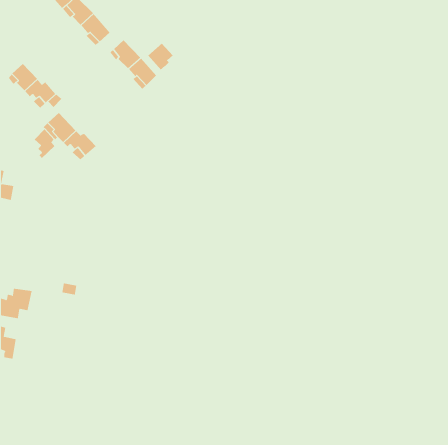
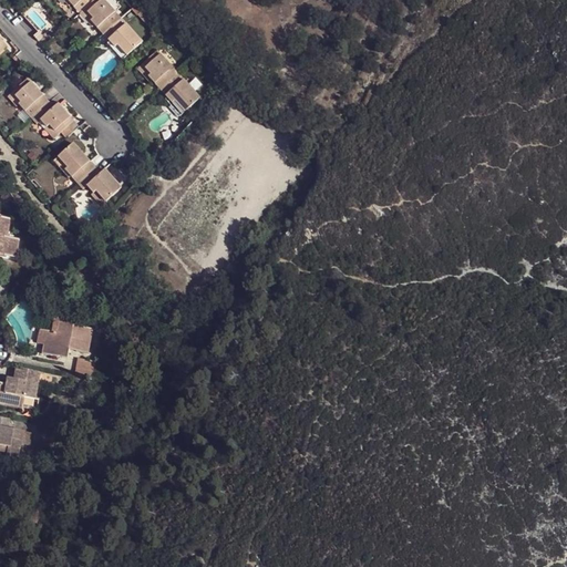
building: [148,43,174,70] -> none
building: [34,129,55,159] -> none
building: none -> [31,309,95,358]

